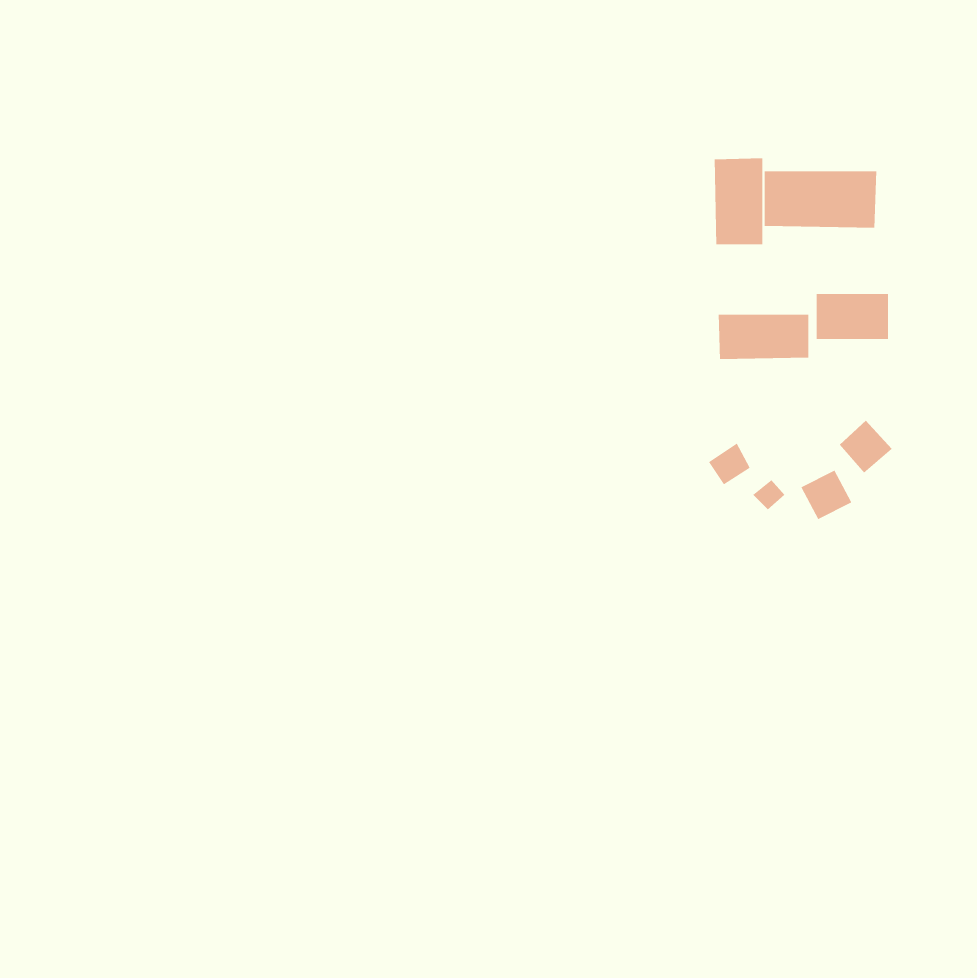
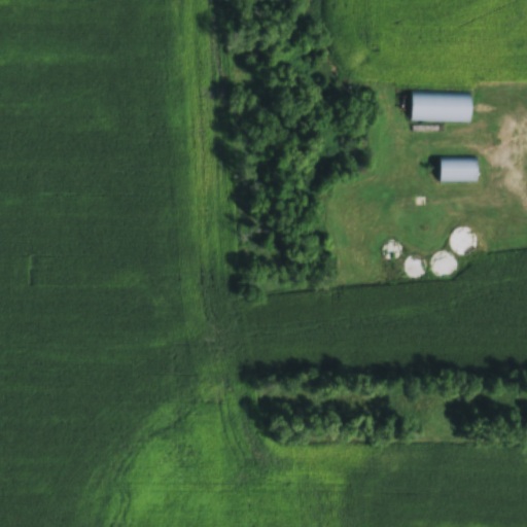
building: [714,157,763,245] -> none
building: [718,314,809,360] -> none

